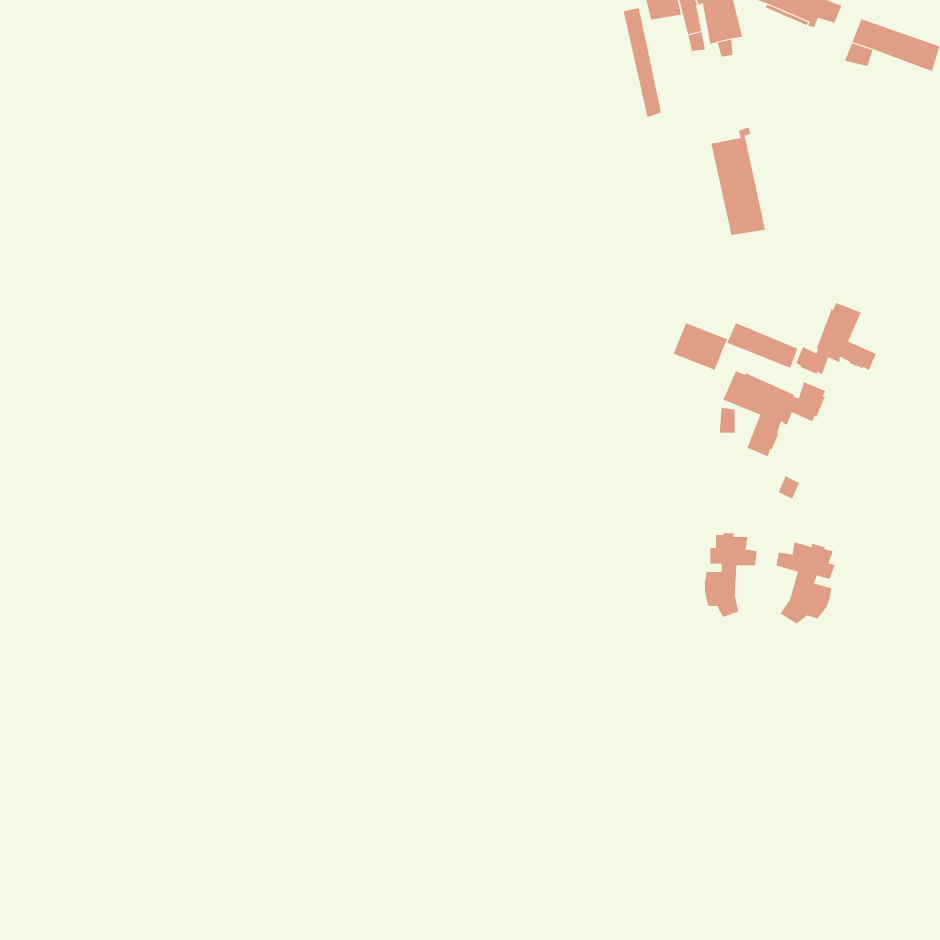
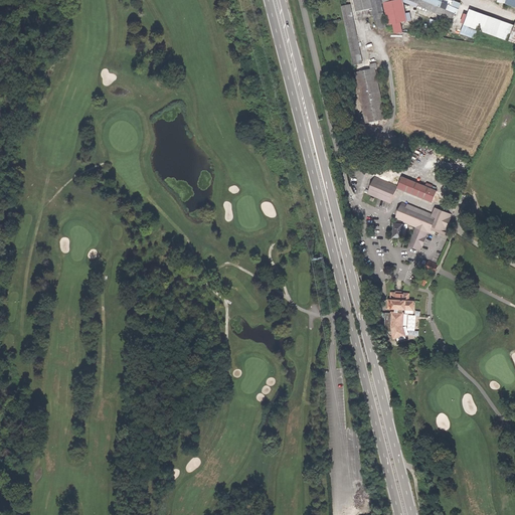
building: [711,127,766,236] -> [354,62,384,122]
building: [795,302,877,375] -> none
building: [776,542,836,624] -> none

